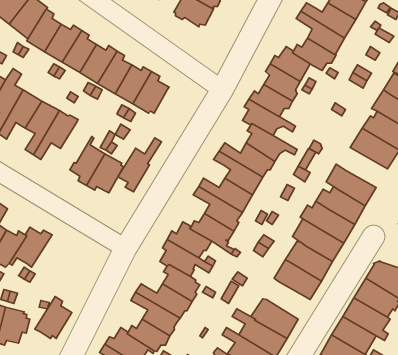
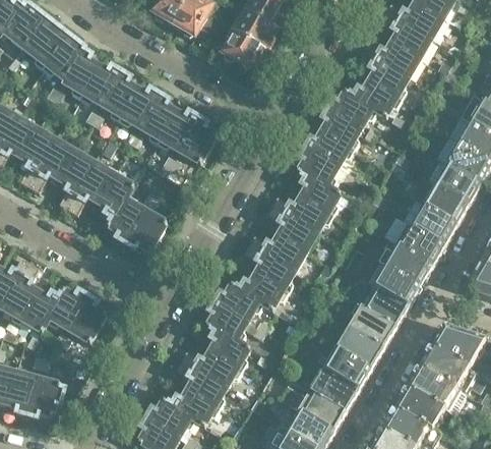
building: [118,138,161,192] -> [99,159,146,218]
building: none -> [401,199,456,244]
building: none -> [320,344,372,389]
building: [35,297,72,338] -> [67,296,108,342]

